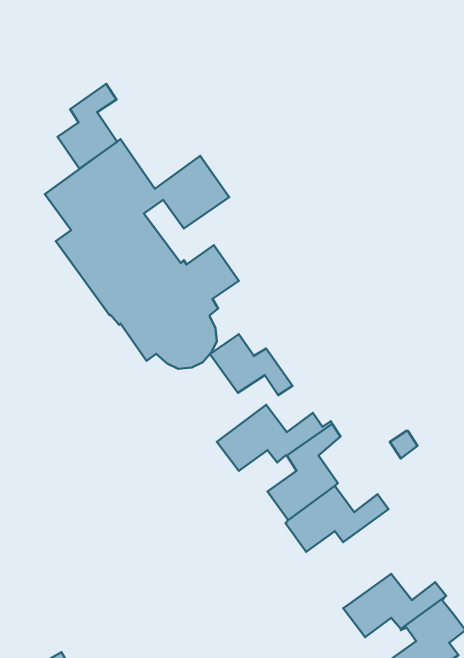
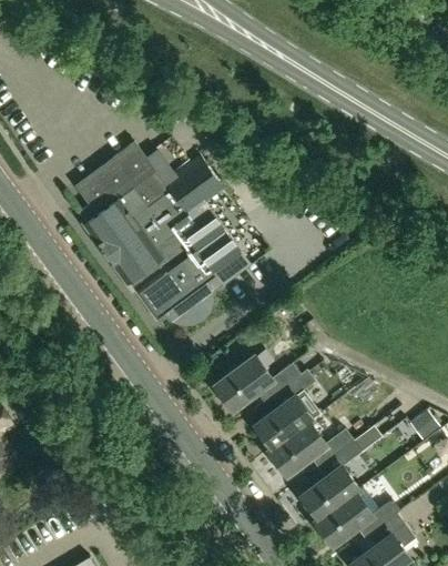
building: [58,84,117,169] -> none
building: [210,334,292,395] -> none
building: none -> [303,439,362,517]

